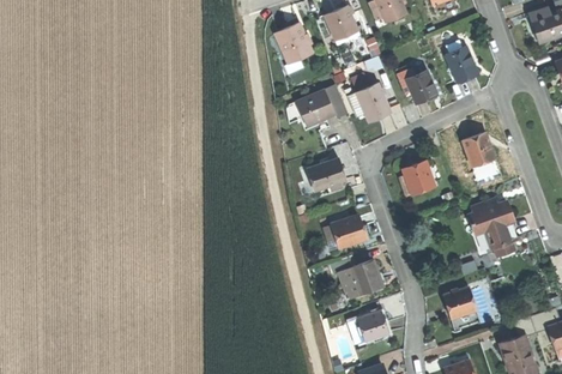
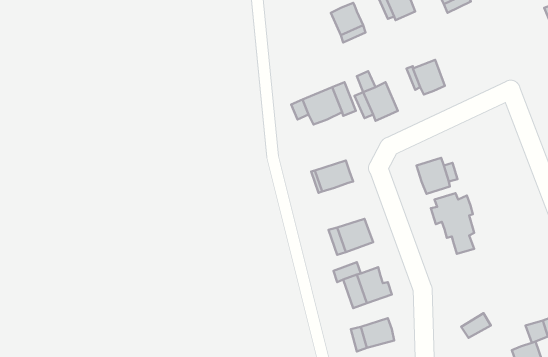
building: [276,23,314,66] -> none
building: [446,46,477,79] -> none
building: [464,132,497,164] -> none
building: [473,194,515,253] -> [431,193,474,254]
building: [437,286,471,320] -> none

